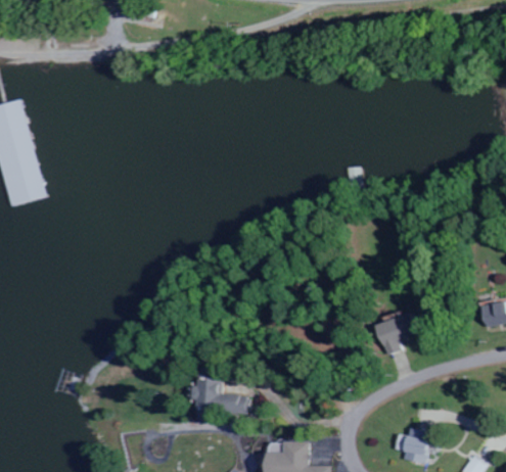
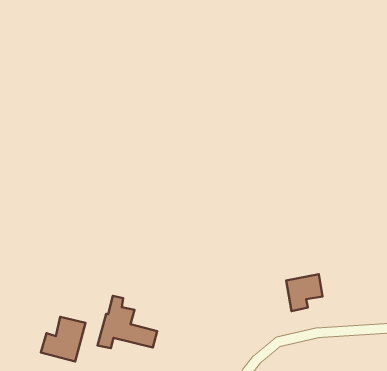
building: none -> [41,317,86,361]

